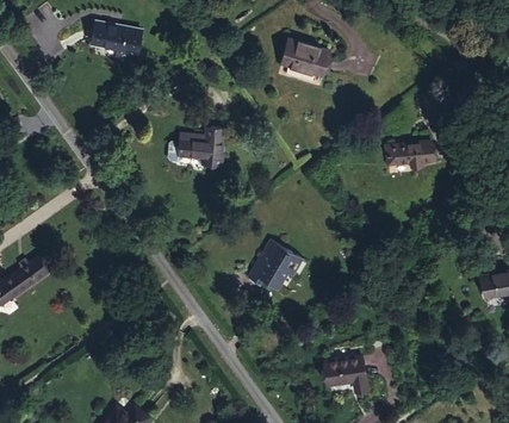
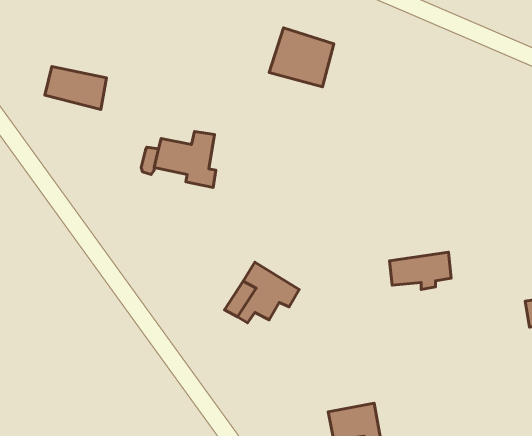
building: [88,23,139,58] -> [45,66,107,110]
building: [384,137,435,168] -> [389,252,451,290]

